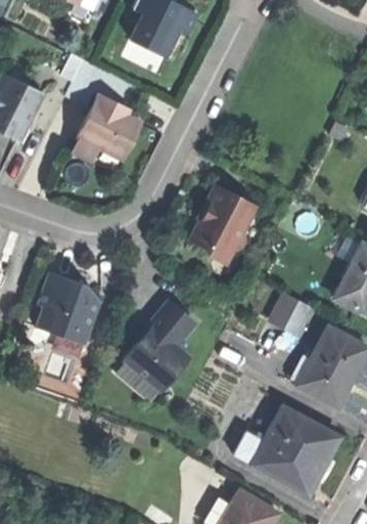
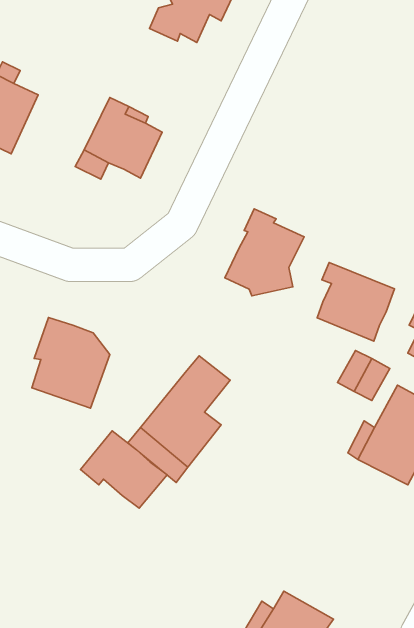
building: none -> [317,262,394,341]
building: none -> [81,431,167,508]
building: [233,406,337,493] -> none

